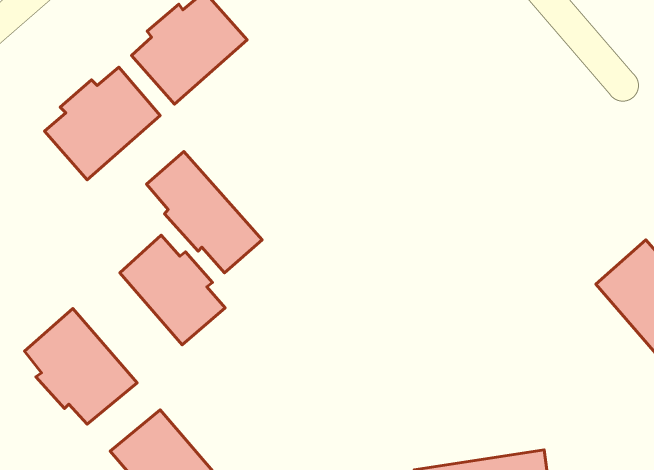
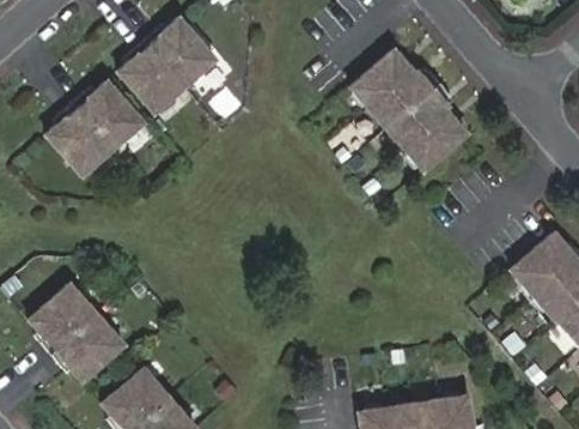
building: none -> [355,48,470,169]
building: [146,151,262,273] -> none
building: [120,235,225,345] -> none

